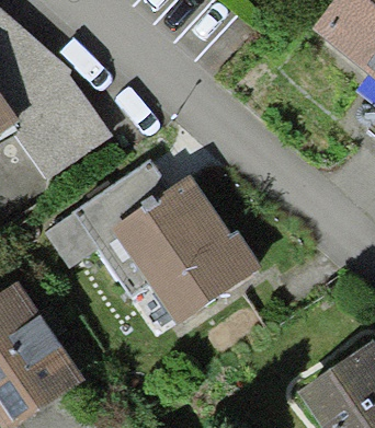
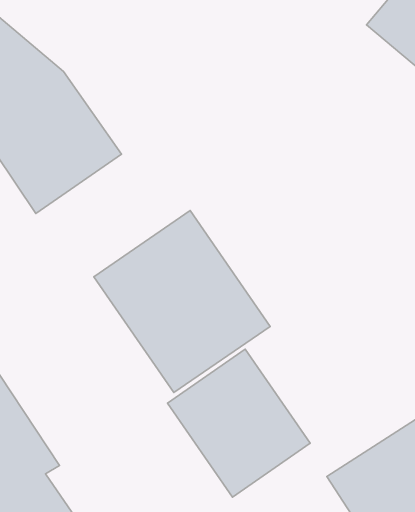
building: none -> [168,349,310,497]

